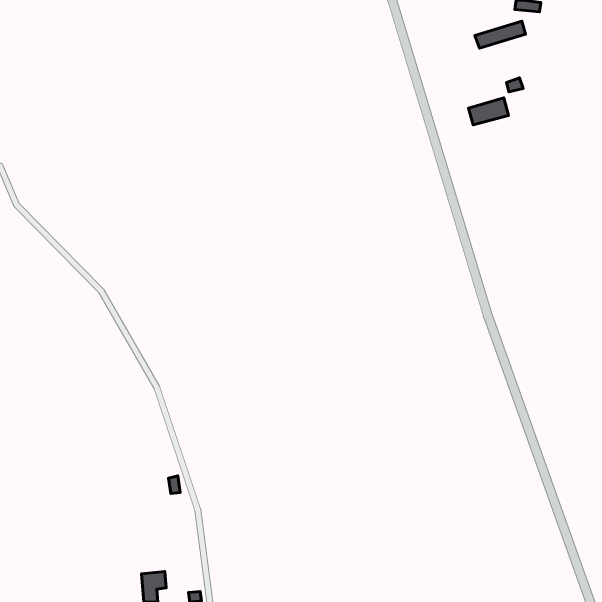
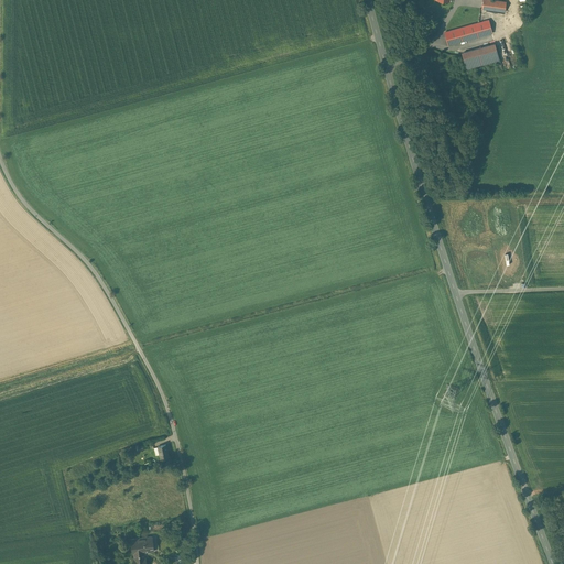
building: [469,98,509,125] -> [462,43,499,68]

